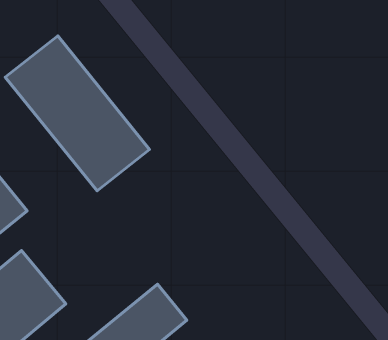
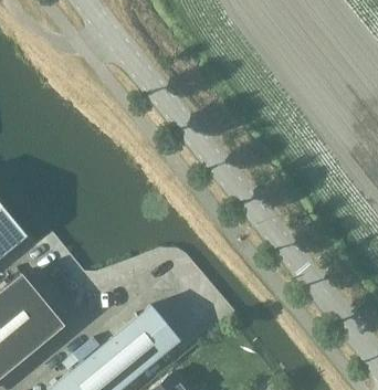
building: [5,36,150,191] -> none

